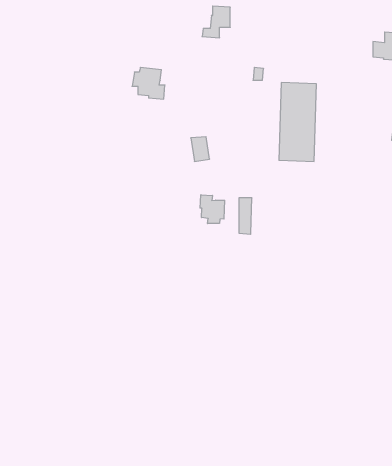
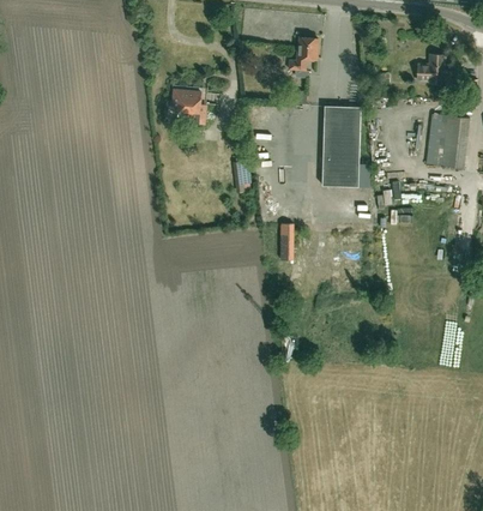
building: [202,6,230,38] -> [288,37,316,70]
building: [200,195,225,224] -> none

